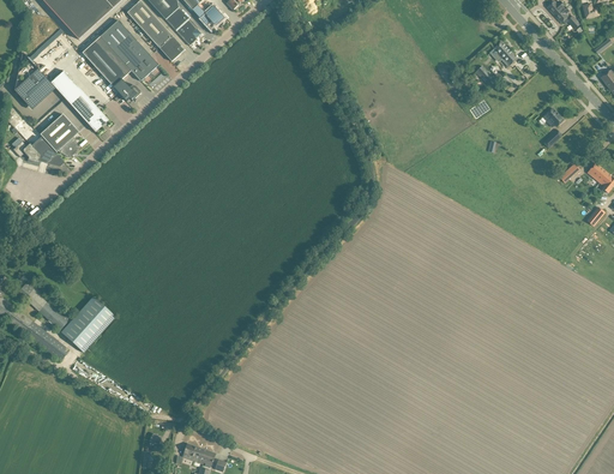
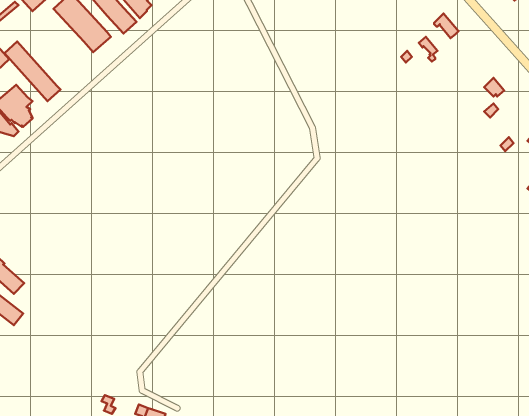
building: [82,36,140,101] -> none
building: [60,296,114,352] -> none

